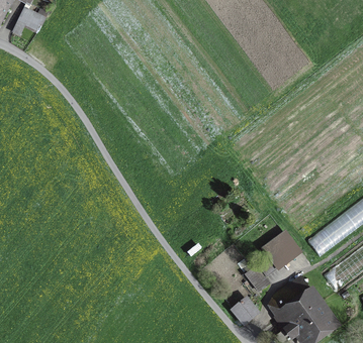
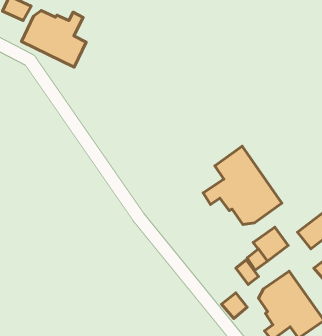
building: none -> [22,11,86,67]
building: none -> [203,146,282,225]

